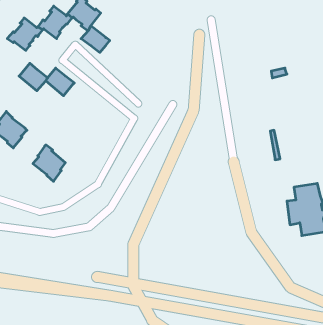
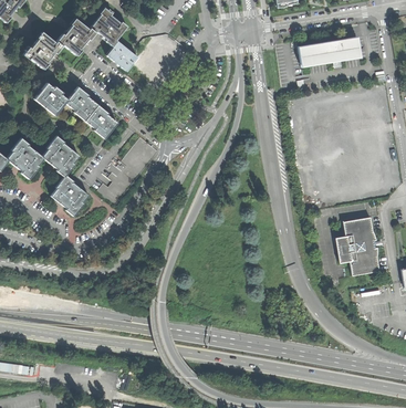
building: none -> [298,36,360,65]
building: none -> [85,106,116,137]
building: none -> [42,136,79,176]

